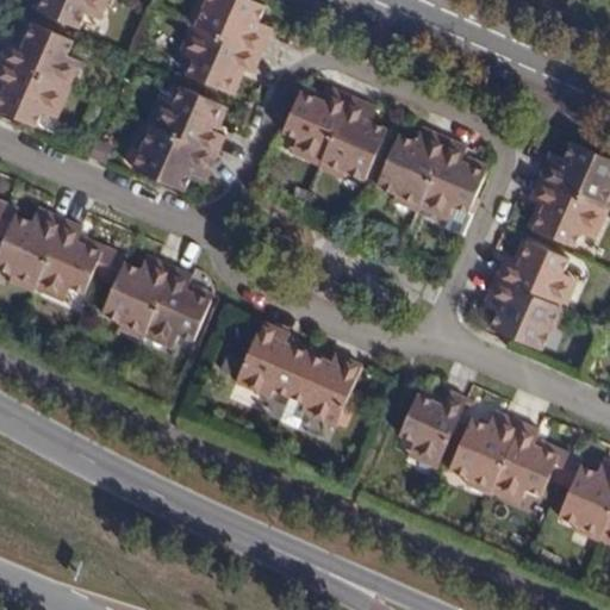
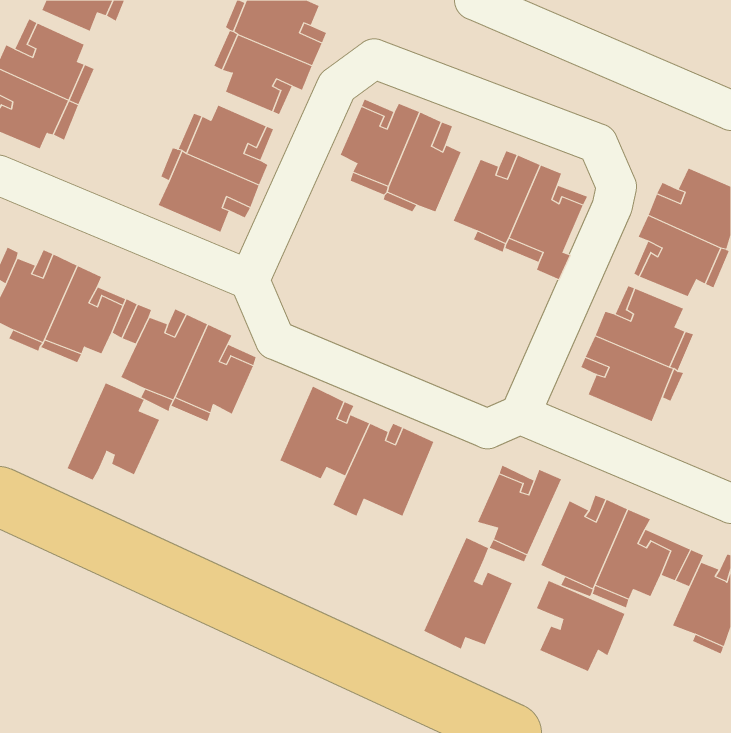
building: none -> [67,382,160,480]
building: none -> [424,537,512,649]
building: none -> [536,580,625,672]

